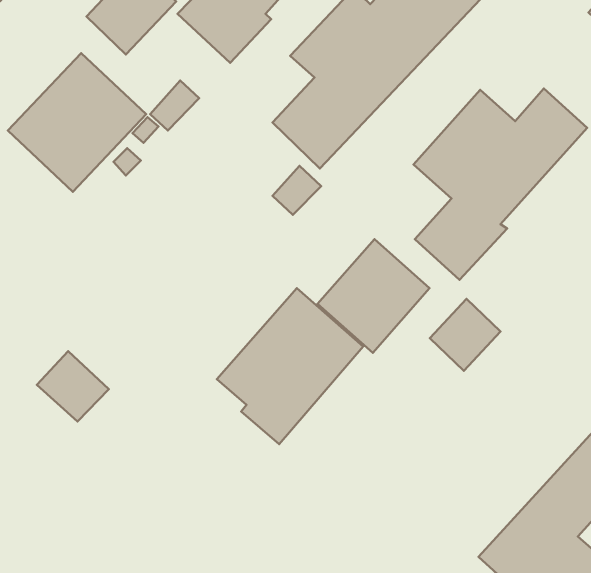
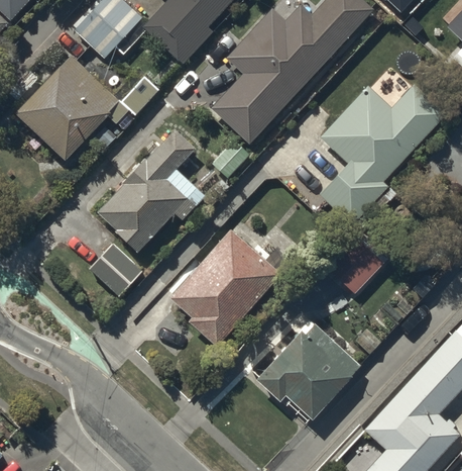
building: none -> [95,128,203,253]
building: [318,239,430,353] -> none
building: [37,351,109,422] -> [89,244,142,296]
building: none -> [257,326,360,420]

